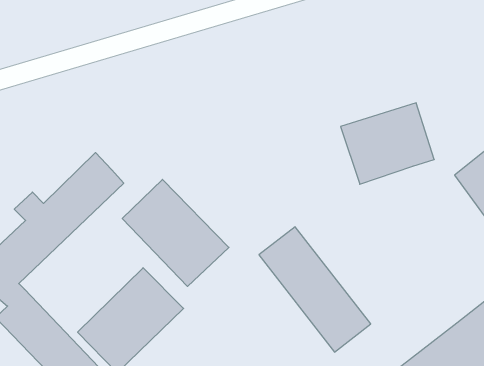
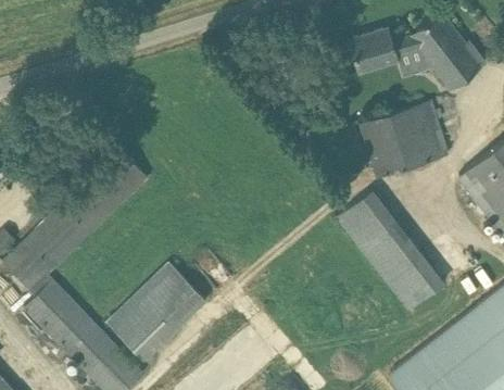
building: none -> [349,14,487,92]
building: [122,179,229,286] -> none
building: [259,227,371,352] -> [337,192,444,313]

